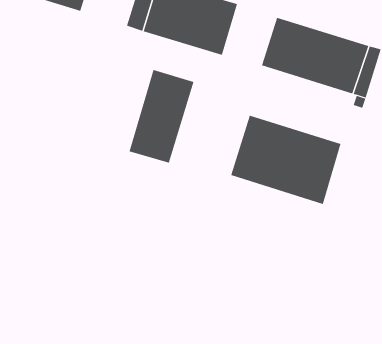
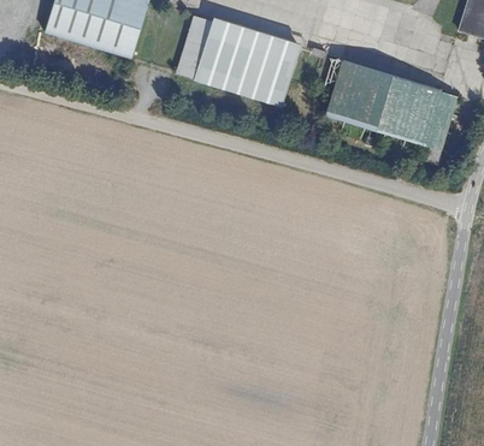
building: [129,69,194,164] -> none
building: [231,115,341,205] -> none

